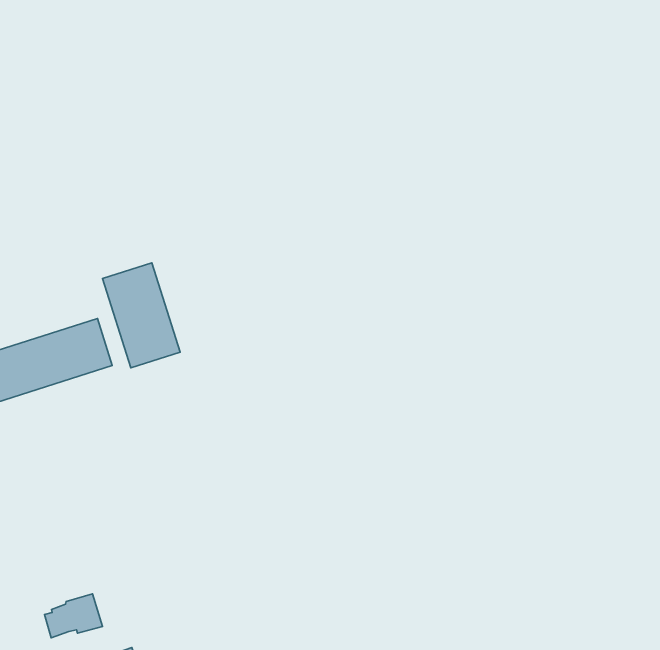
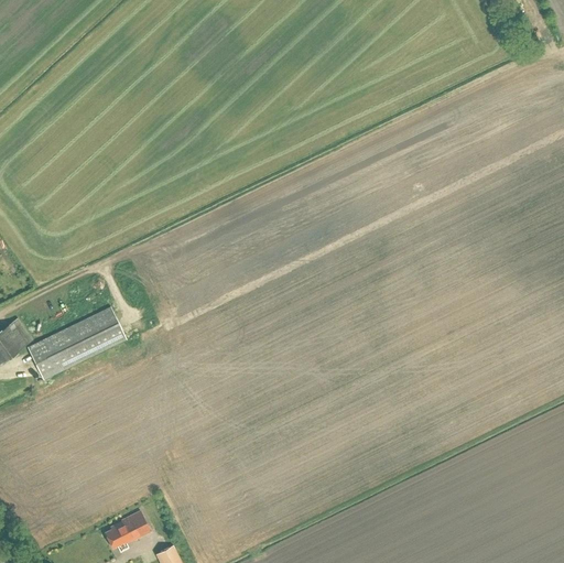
building: [102,263,180,368] -> none

